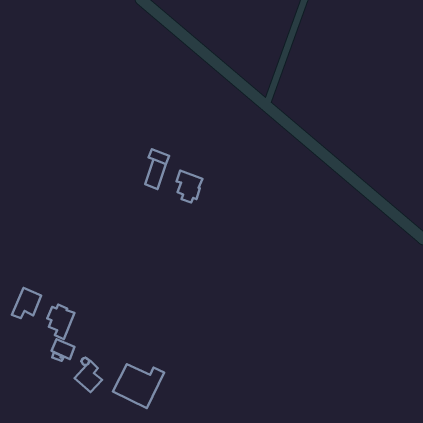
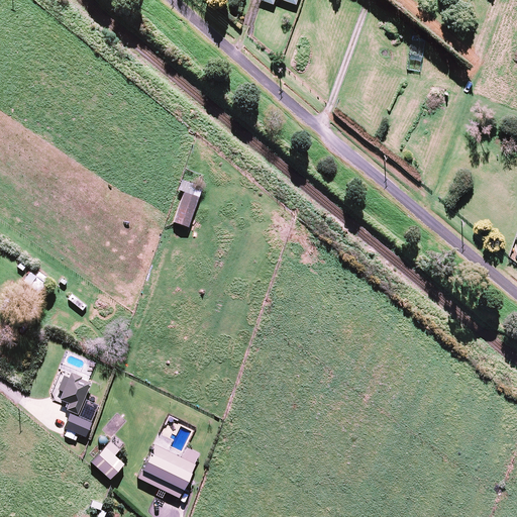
building: [177,171,202,203] -> none
building: [12,288,41,318] -> none

